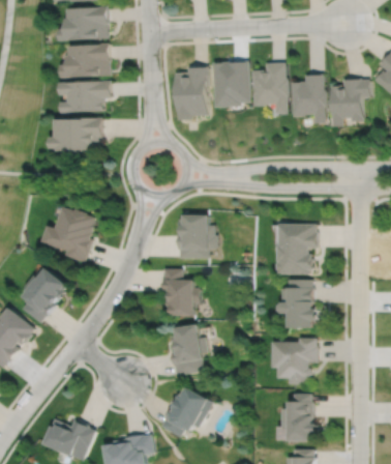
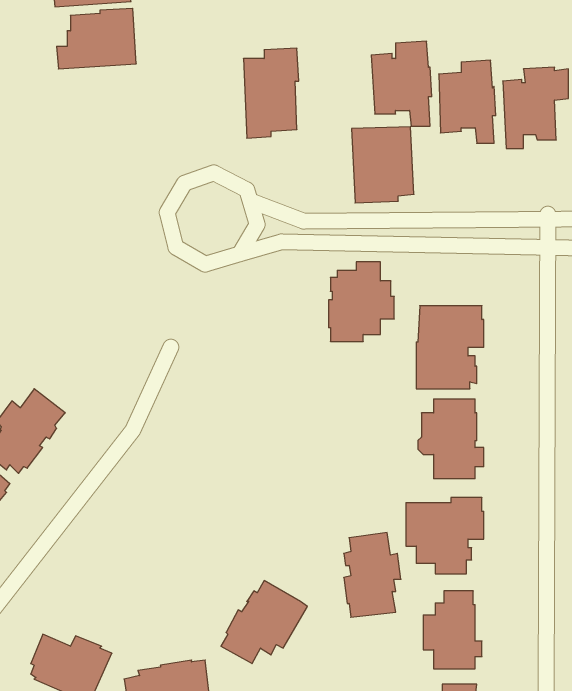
building: [211,62,248,108] -> [352,127,414,203]
building: [61,81,111,115] -> none
building: [51,118,101,155] -> none
building: [43,208,93,264] -> none
building: [176,212,215,260] -> [329,262,394,341]
building: [160,270,198,319] -> none
building: [172,323,206,374] -> [344,533,401,617]

